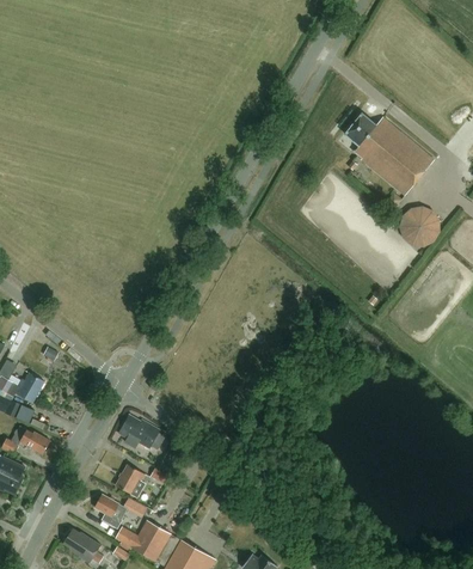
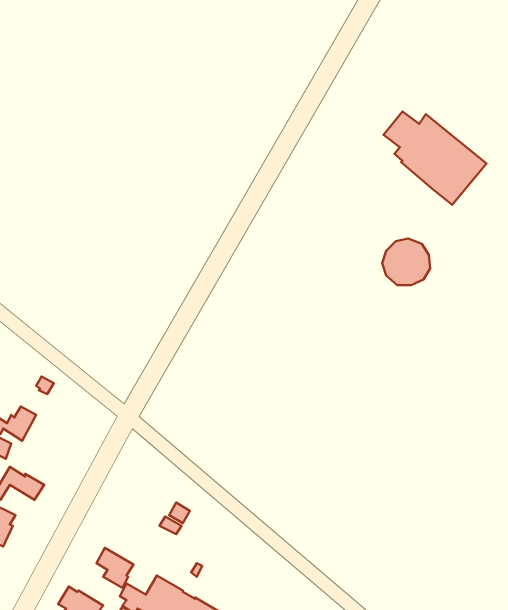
building: [398,204,440,245] -> [382,238,430,285]
building: [117,415,159,448] -> none
building: [115,464,145,497] -> none

